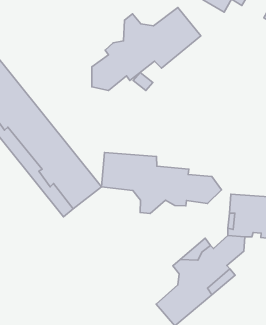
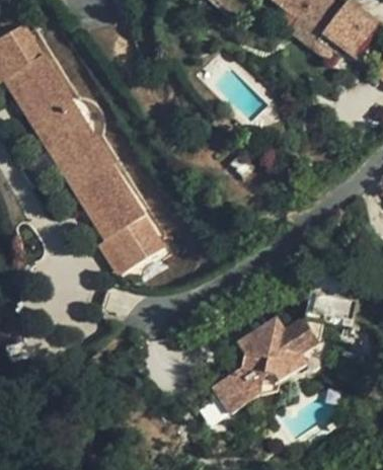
building: [92,7,201,91] -> none
building: [102,153,222,213] -> none

